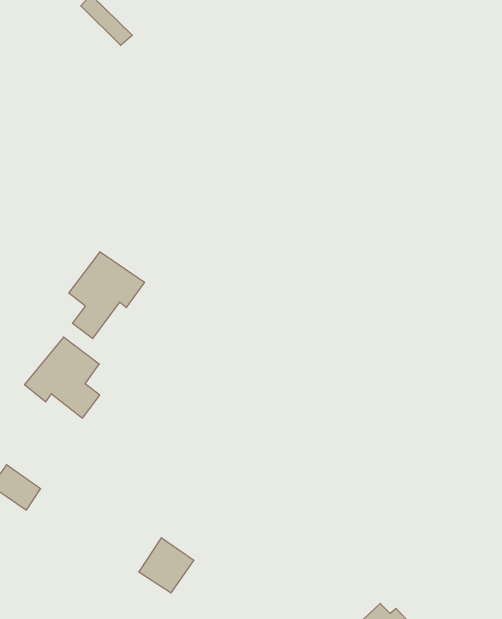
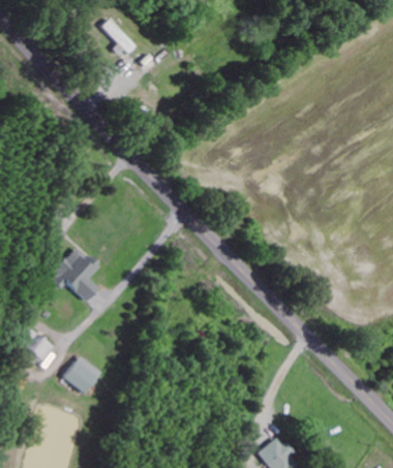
building: [69,252,144,339] -> none
building: [139,538,194,593] -> [63,356,100,394]

